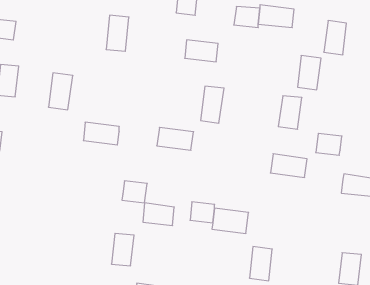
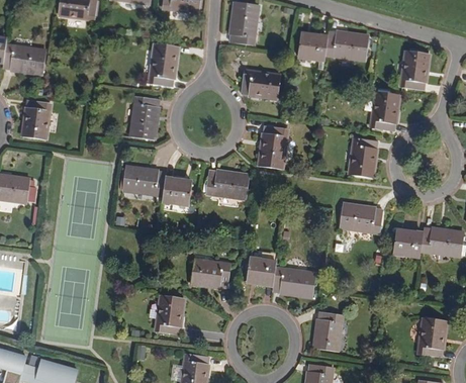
building: [48,73,73,110] -> [130,96,159,138]
building: [316,133,342,155] -> [393,229,424,255]
building: [122,181,147,203] -> [162,178,191,203]

